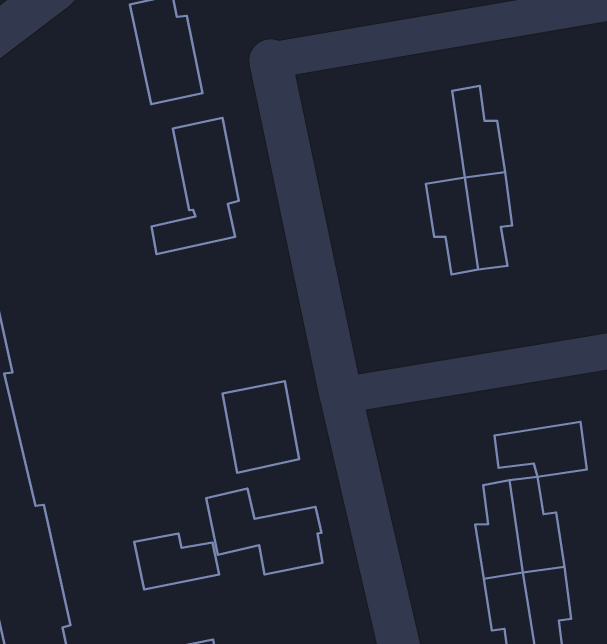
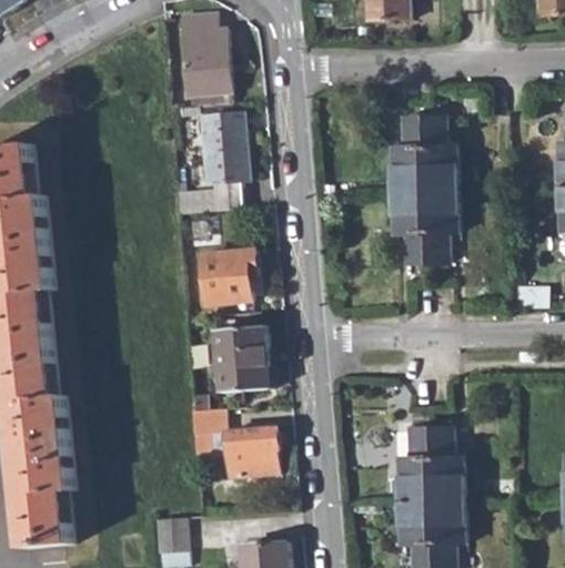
building: none -> [392,116,423,186]
building: none -> [202,250,252,305]
building: [495,422,587,477] -> none
building: [134,533,219,590] -> none

